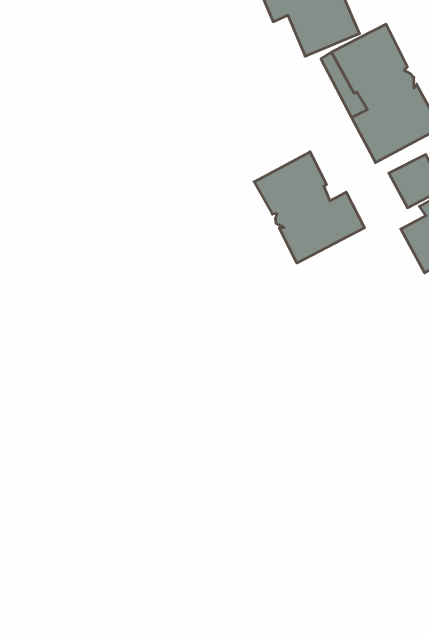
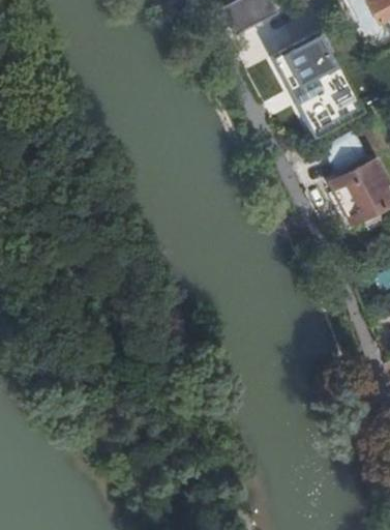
building: [254,152,365,263] -> none

